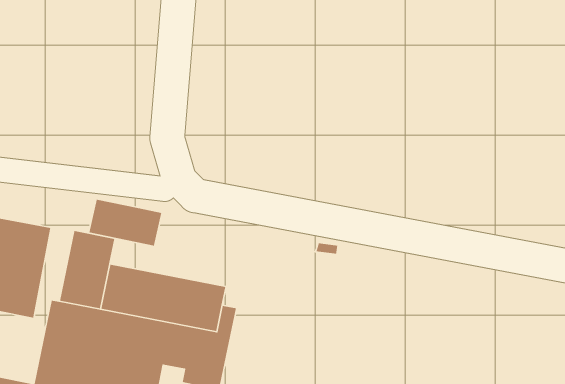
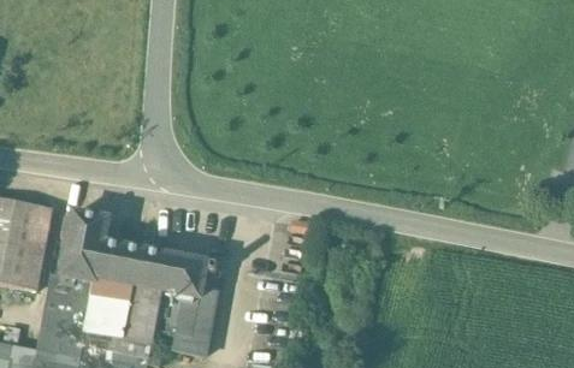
building: [89,199,162,247] -> none

